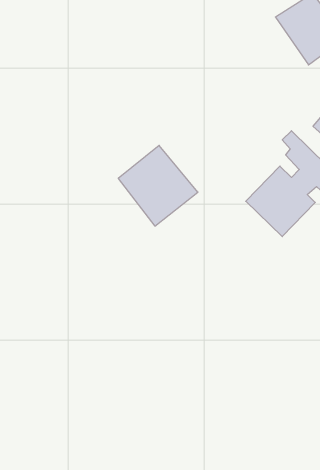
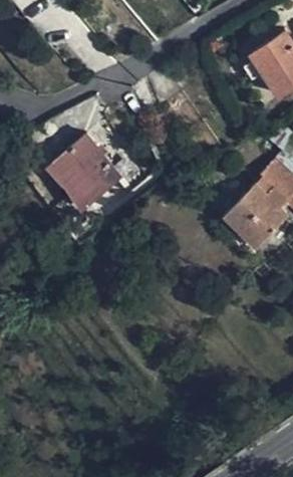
building: [118,145,198,226] -> [50,136,120,207]

